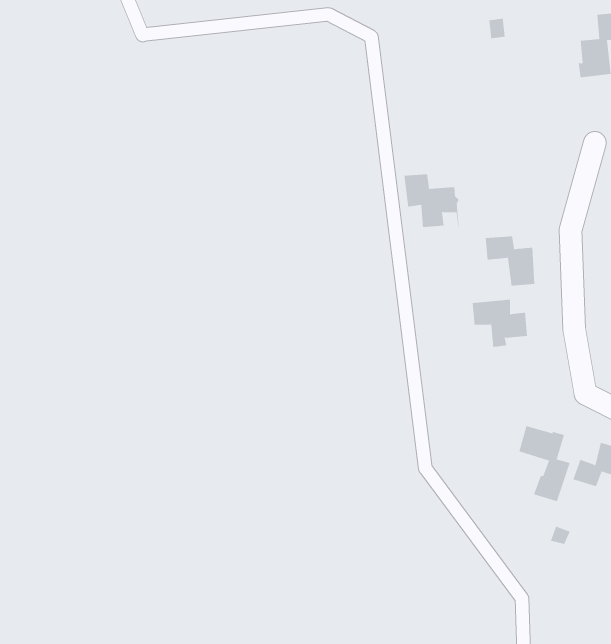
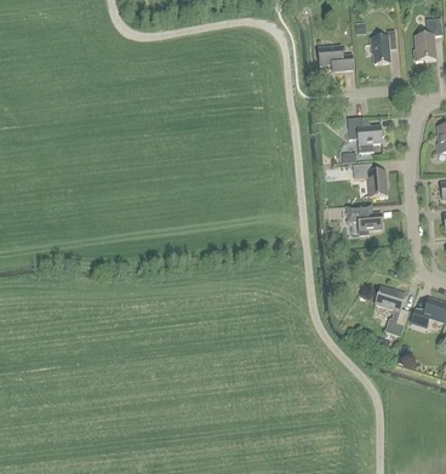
building: none -> [370,30,395,64]
building: none -> [318,46,353,70]
building: [404,172,459,228] -> [347,116,383,153]

